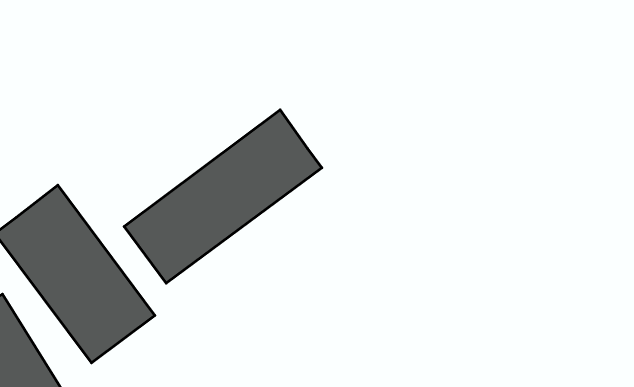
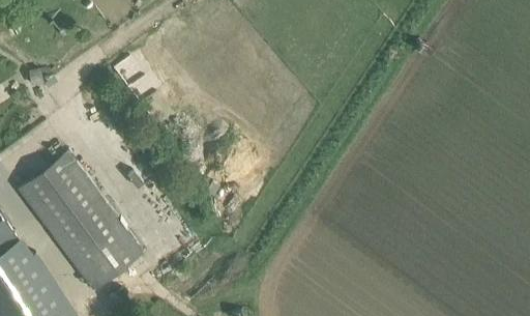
building: [124,110,322,283] -> none

